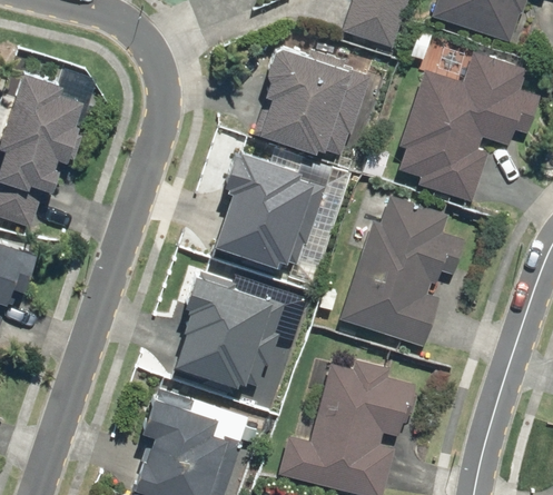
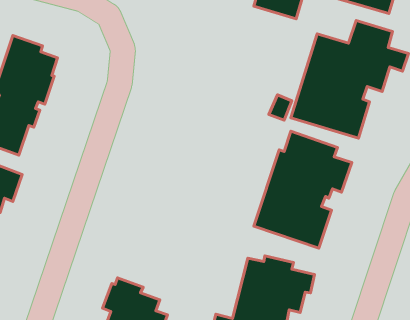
building: [256,47,372,157] -> none
building: [214,151,313,275] -> none
building: [174,271,285,396] -> none

